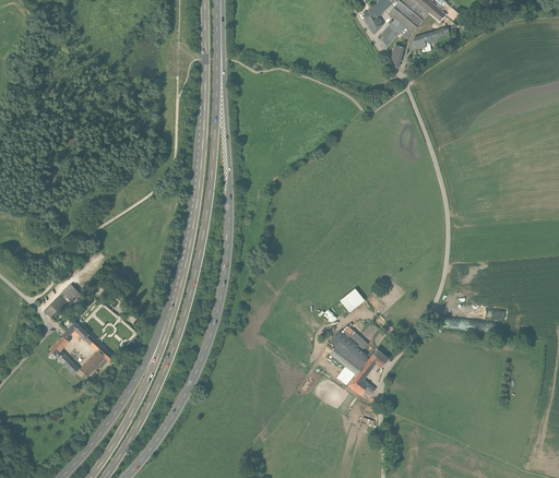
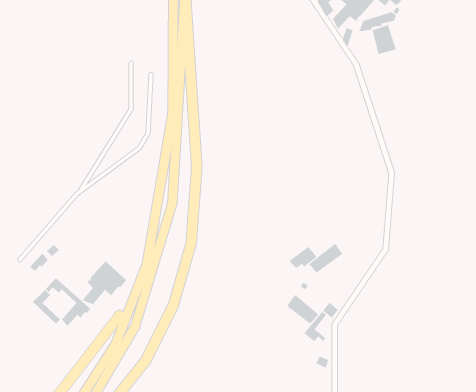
building: none -> [372,24,397,55]
building: none -> [309,243,343,273]
building: none -> [82,261,127,305]

